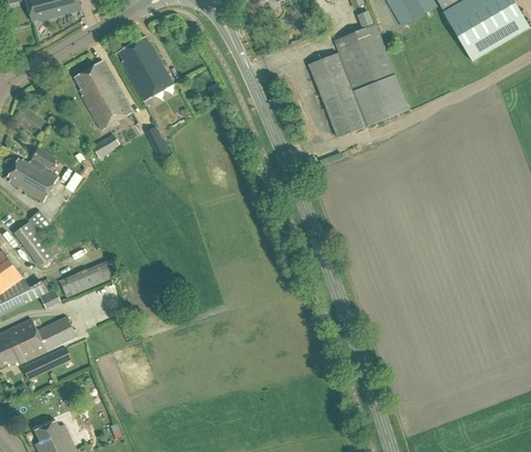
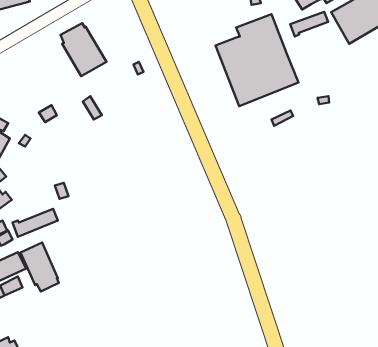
building: none -> [290,12,328,37]
building: [74,60,131,129] -> none
building: none -> [21,243,59,292]

